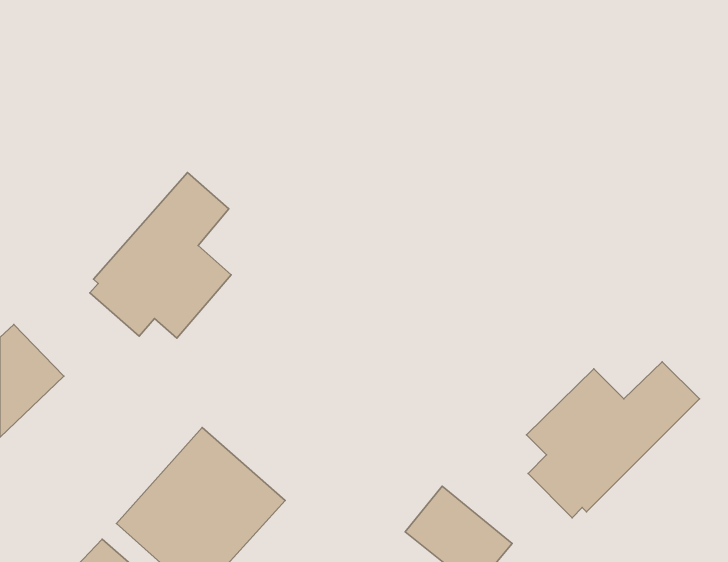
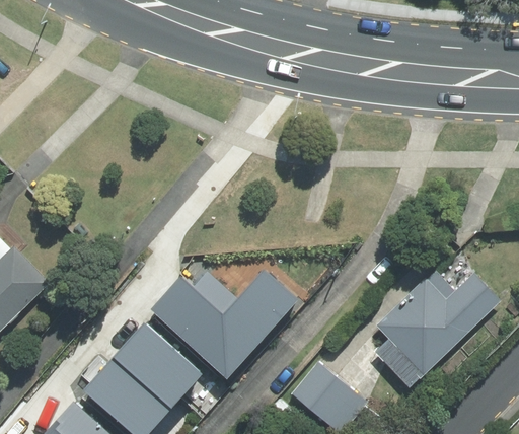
building: [90,172,231,338] -> none
building: none -> [151,270,297,376]

